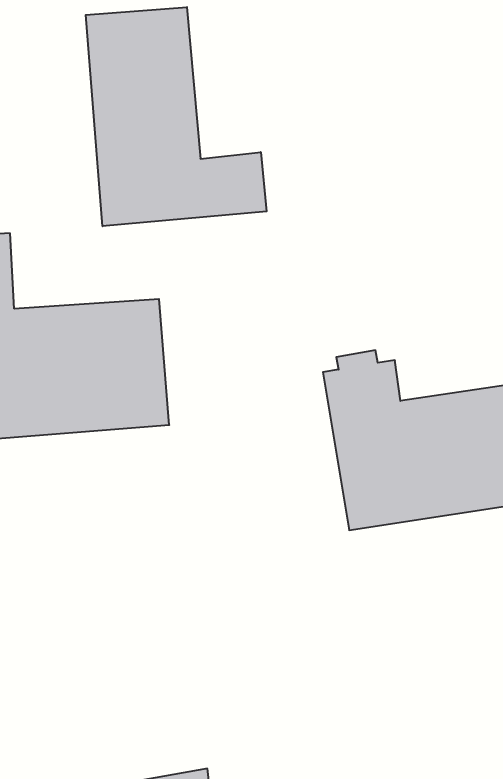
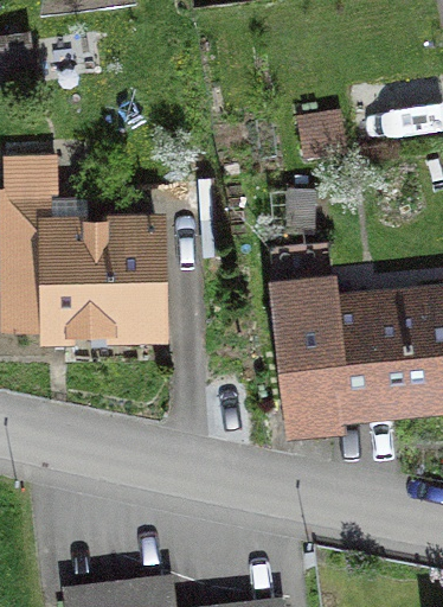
building: [86,7,267,226] -> none

